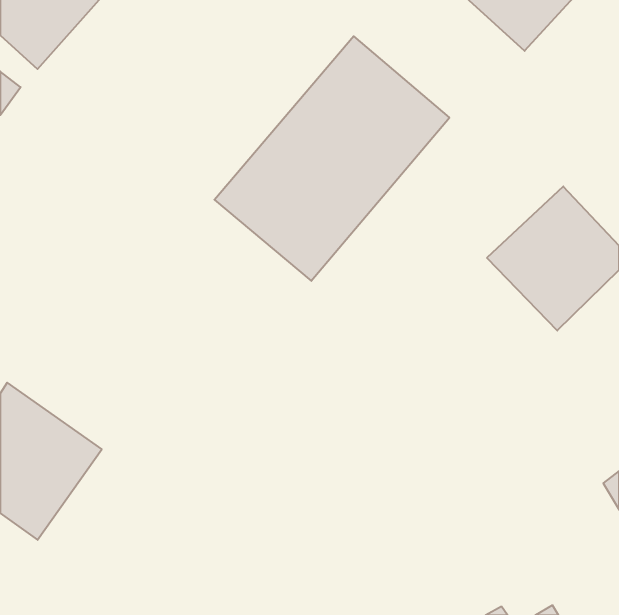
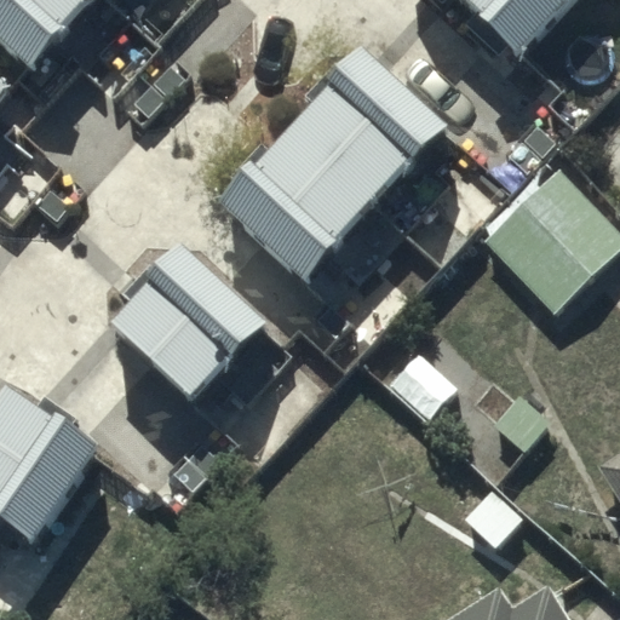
building: none -> [108,245,264,400]

